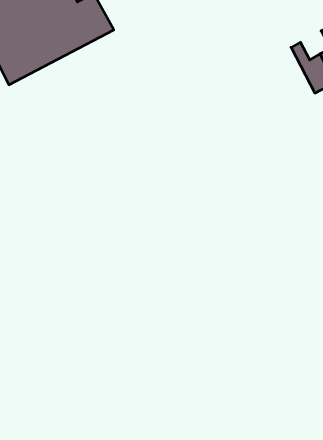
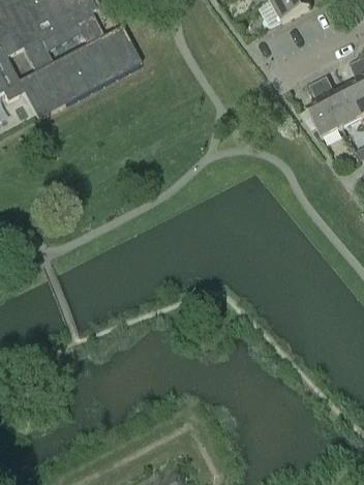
building: none -> [306,80,341,135]

